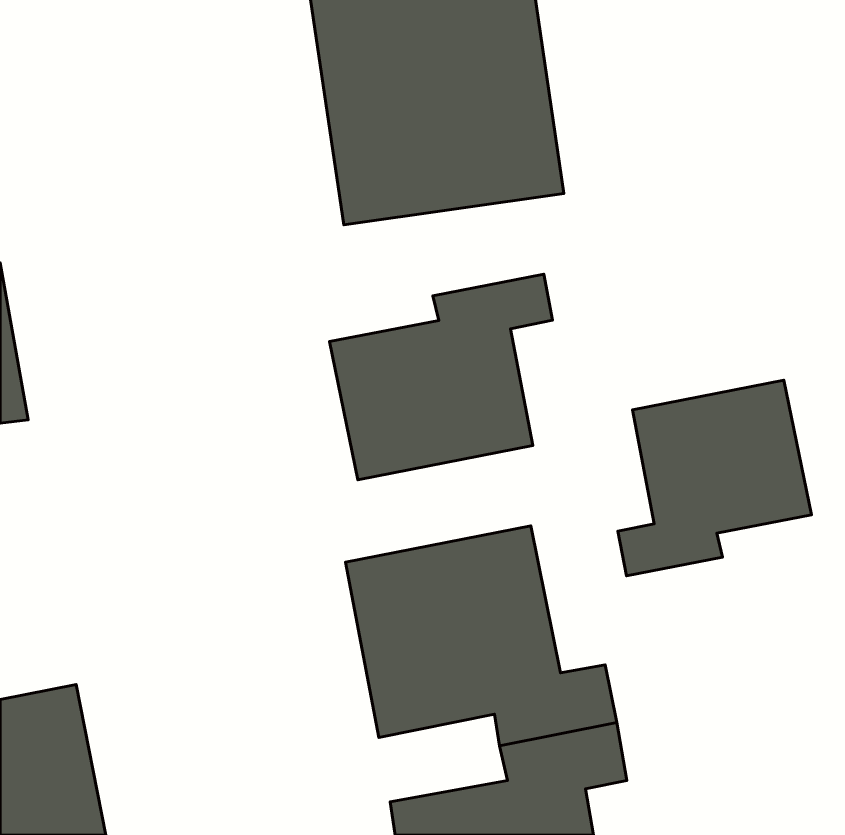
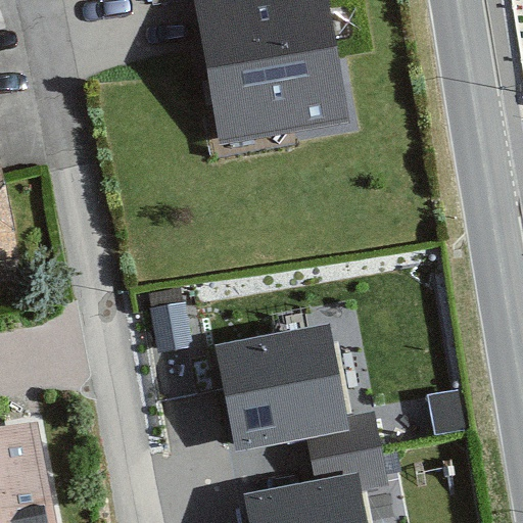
building: [329,274,553,480] -> none
building: [618,380,812,576] -> none

